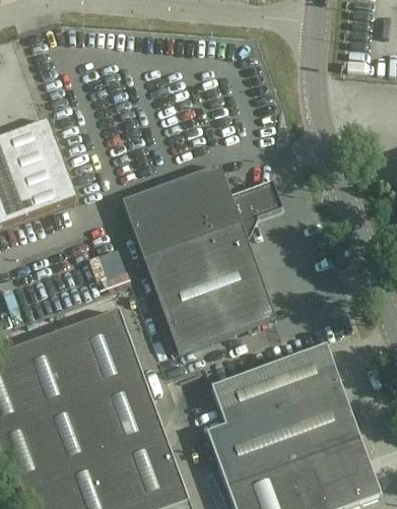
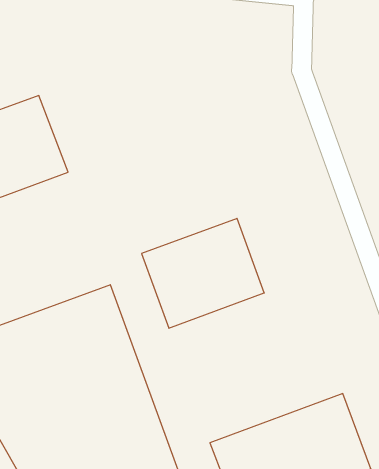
building: [122,165,281,277] -> none
building: [206,343,353,468] -> none

